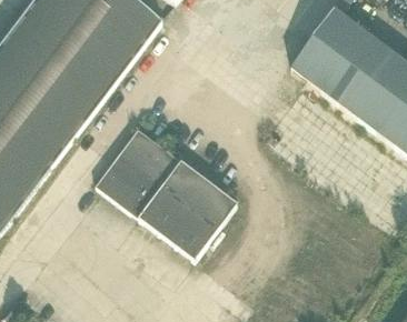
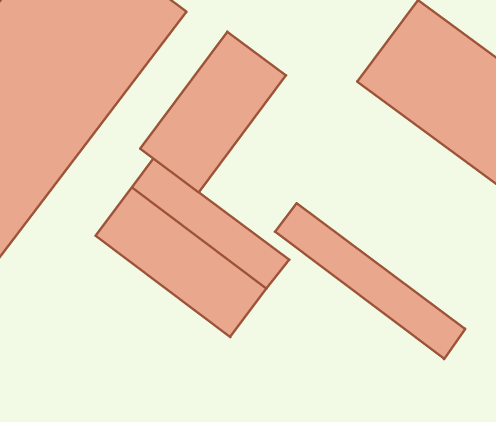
building: none -> [140,32,286,192]
building: none -> [275,203,465,359]

